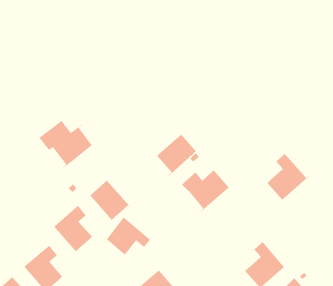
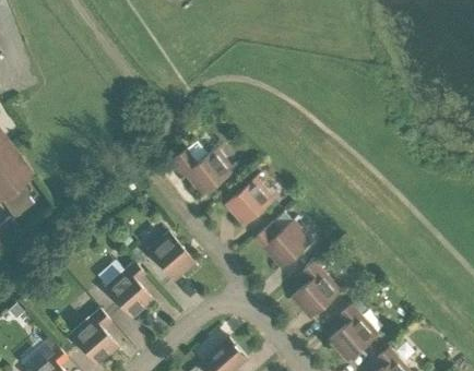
building: [39,120,92,169] -> [169,142,233,200]
building: [263,153,311,200] -> [287,263,344,319]
building: [106,213,151,259] -> none

